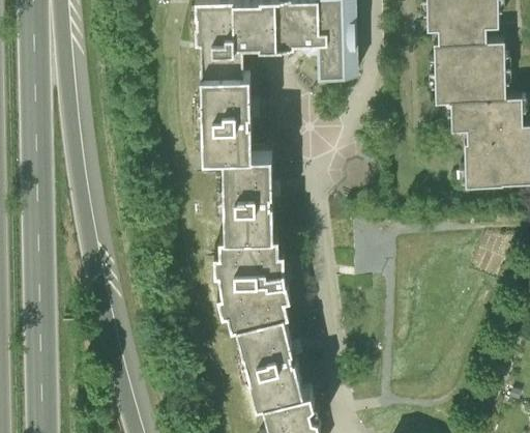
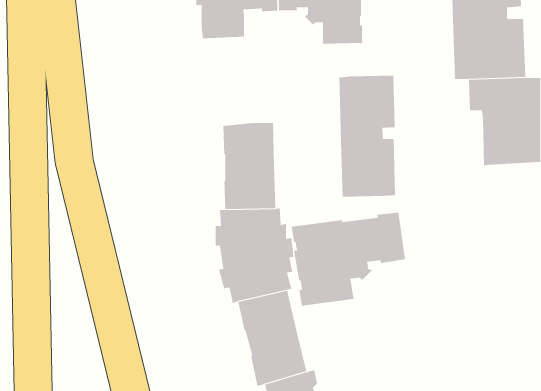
building: [197,66,256,152] -> none
building: none -> [339,75,396,198]
building: none -> [291,212,405,306]

